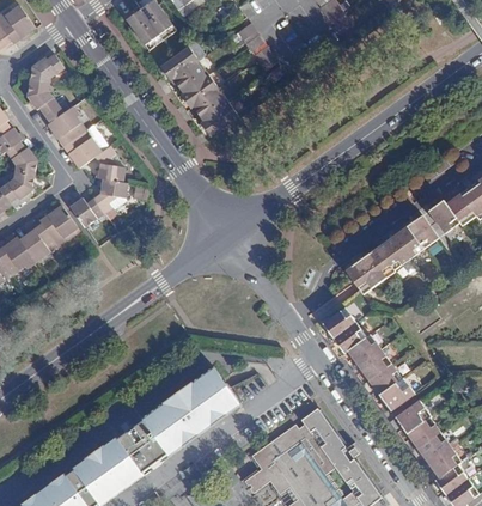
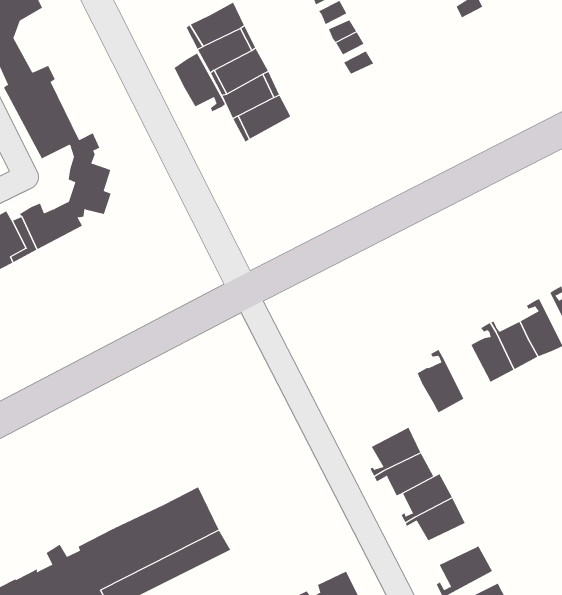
building: none -> [174,52,226,112]
building: [356,246,395,282] -> none
building: [362,364,401,394] -> none

